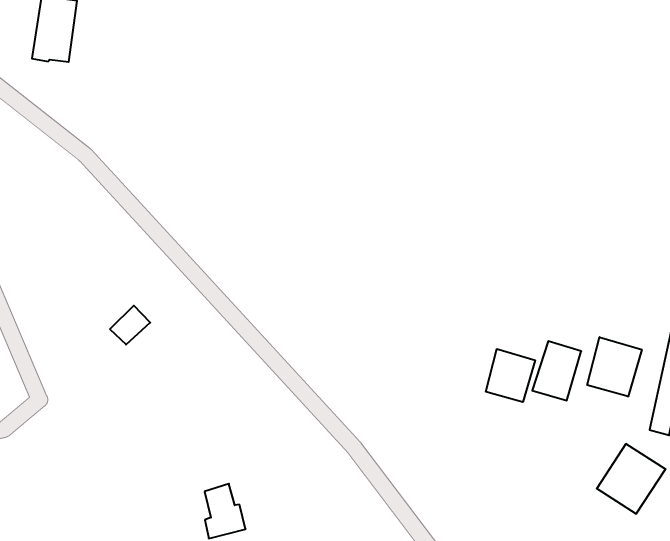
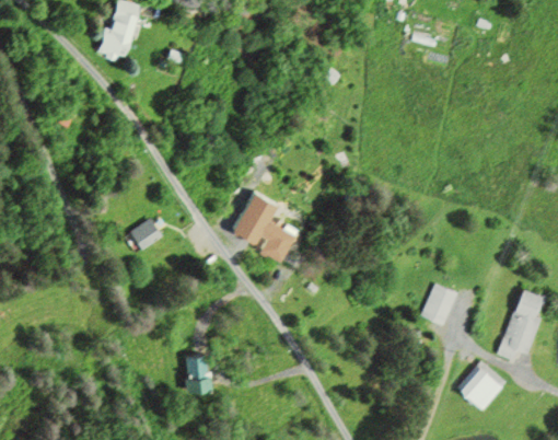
building: none -> [229,190,292,258]
building: [587,337,642,397] -> none
building: [486,349,535,402] -> none

